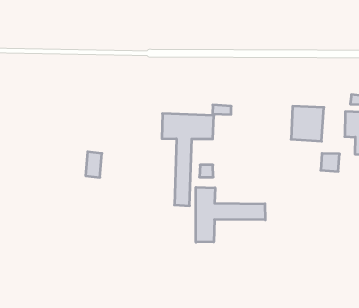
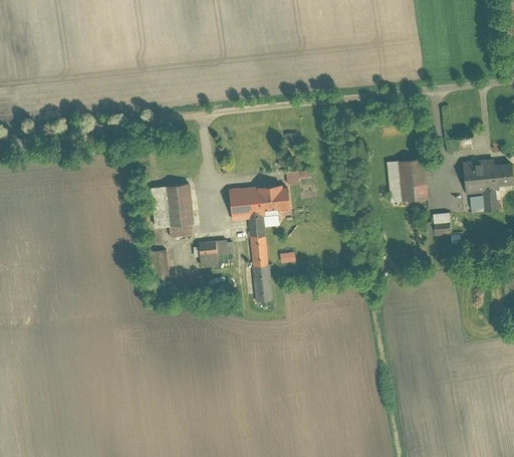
building: none -> [150,184,196,238]
building: none -> [191,241,228,269]
building: [196,187,265,242] -> none

